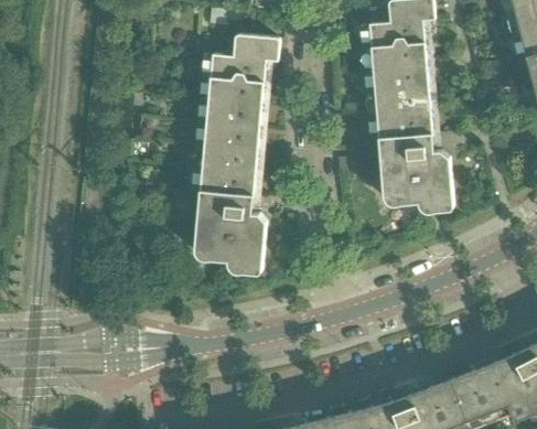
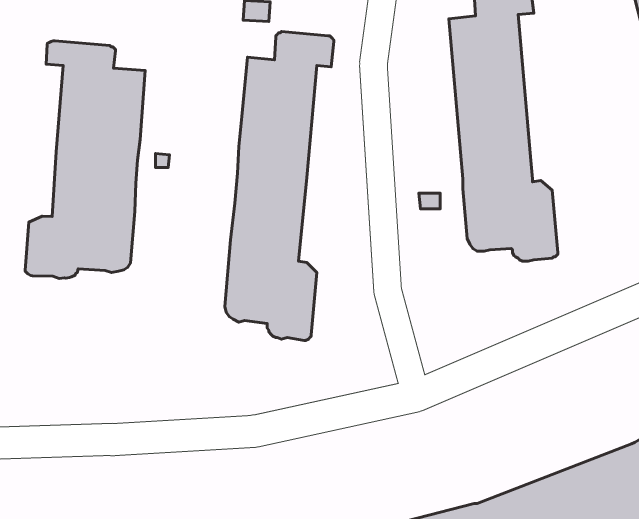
building: none -> [25,41,145,278]

